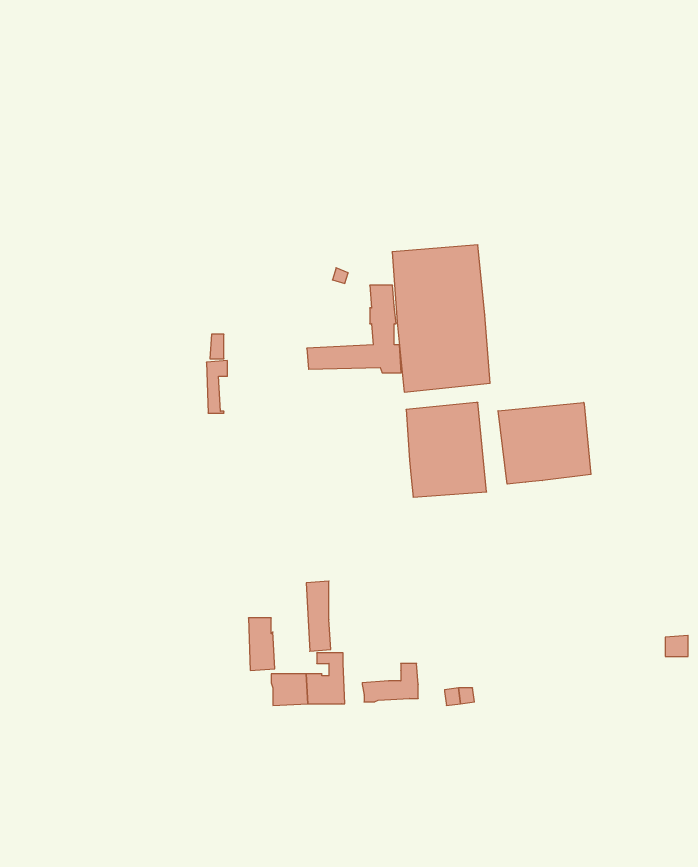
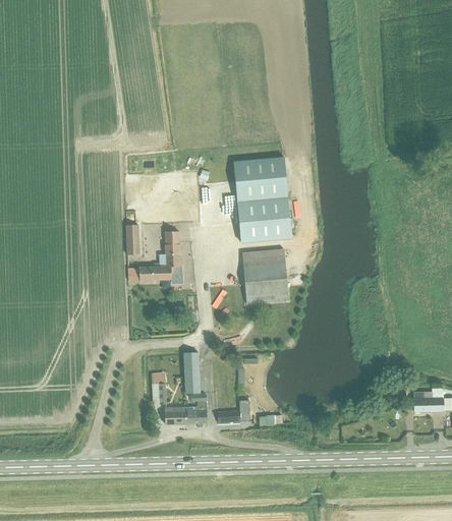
building: [307,285,401,373] -> [128,231,183,282]
building: [498,402,591,484] -> none

